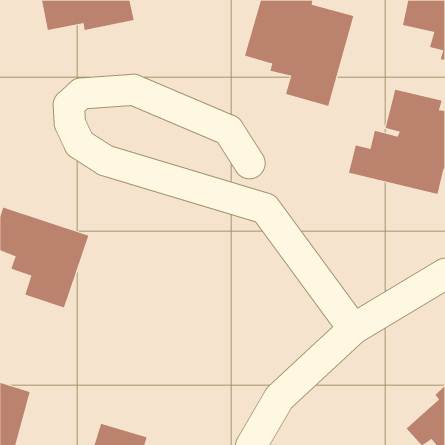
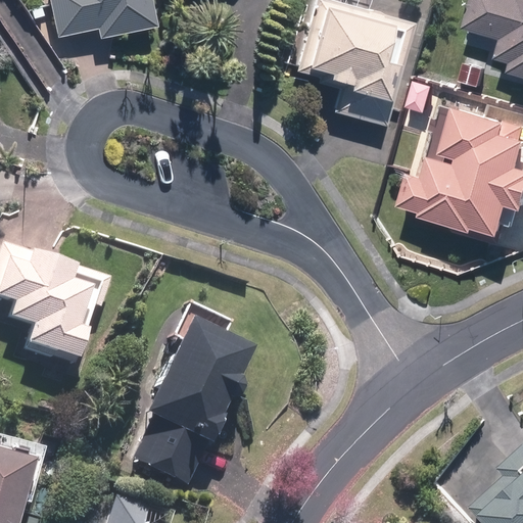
building: none -> [134,319,254,481]

